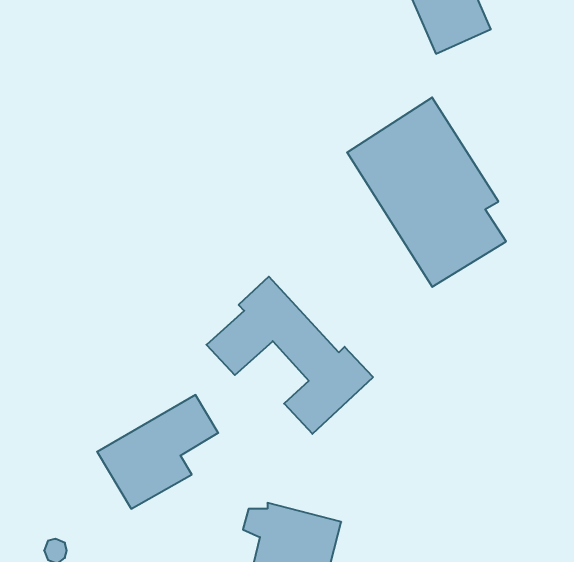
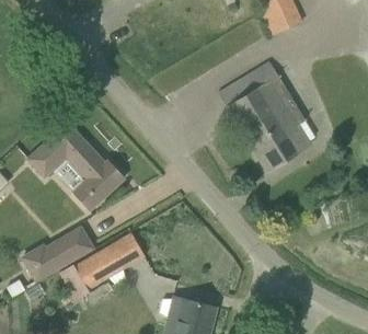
building: [206,277,373,434] -> [28,119,125,210]
building: none -> [24,228,92,279]

